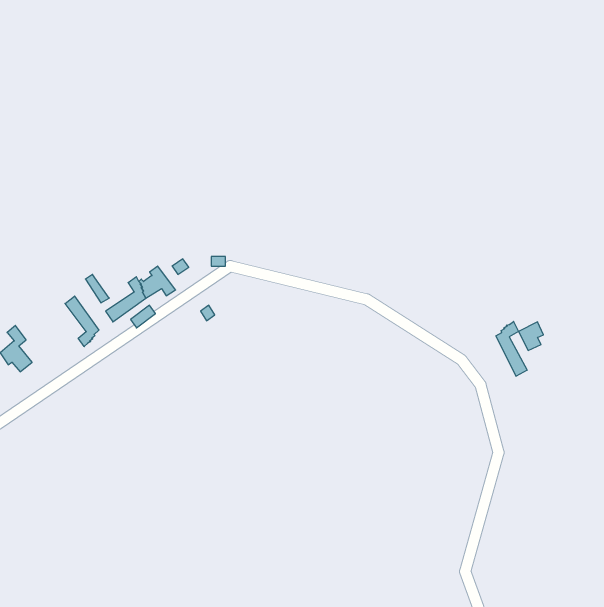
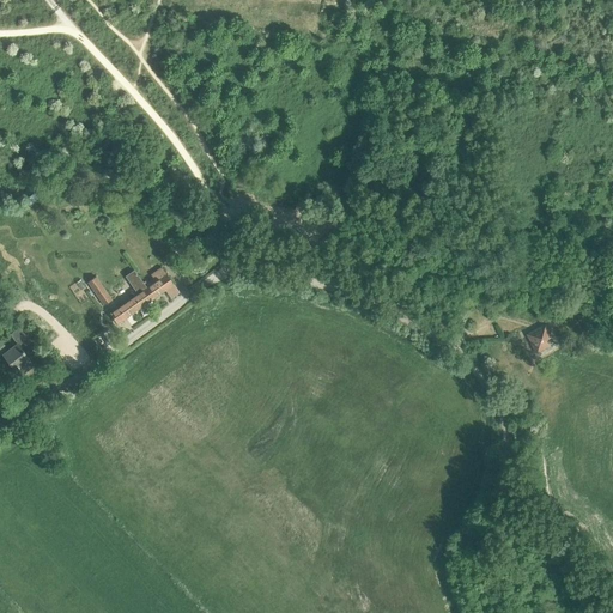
building: [65,296,99,347] -> none
building: [496,321,527,376] -> none

